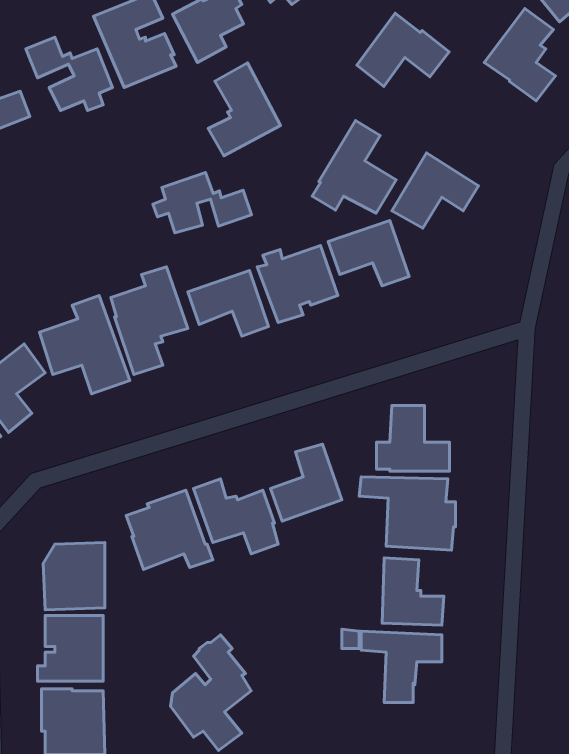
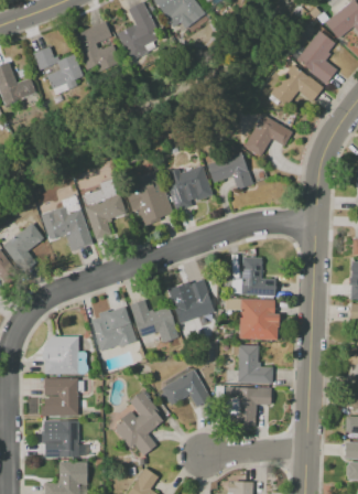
building: [357,13,449,86] -> [270,65,323,107]
building: [208,63,280,156] -> none
building: [312,121,396,213] -> none
building: [153,172,251,233] -> none
building: none -> [161,369,210,408]

